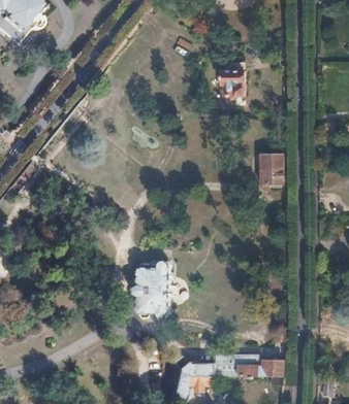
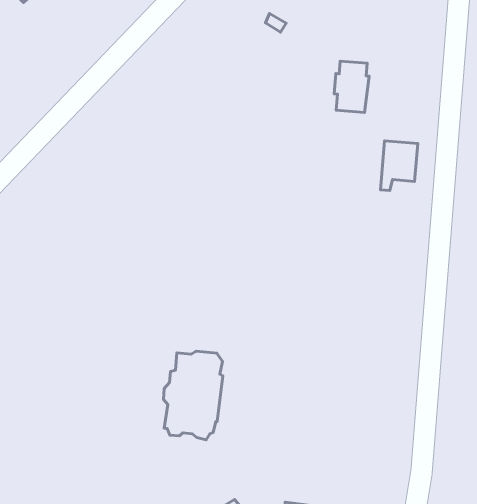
building: [261,155,283,187] -> [380,141,418,190]

